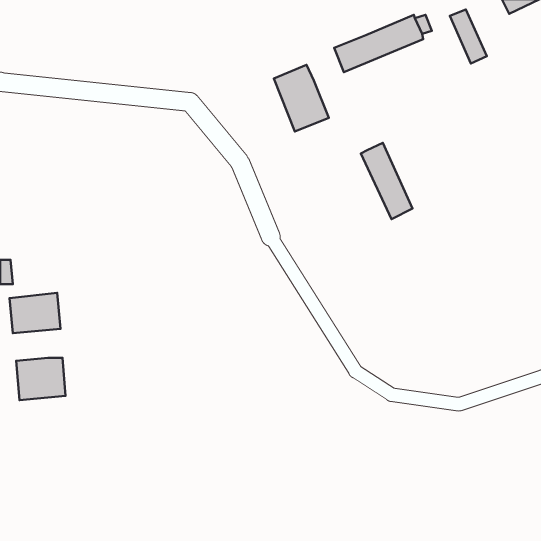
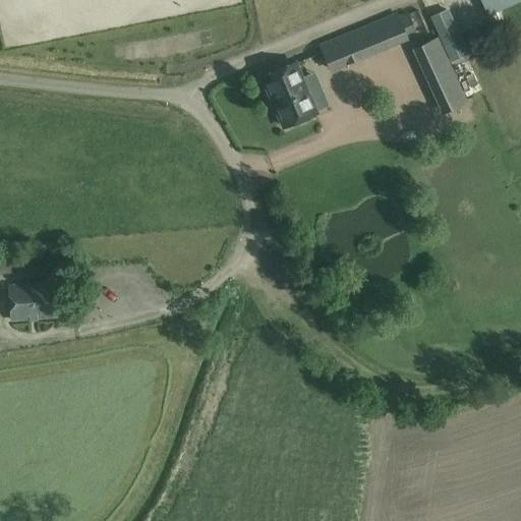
building: [361,143,413,219] -> [415,39,465,112]
building: [16,358,65,400] -> none

